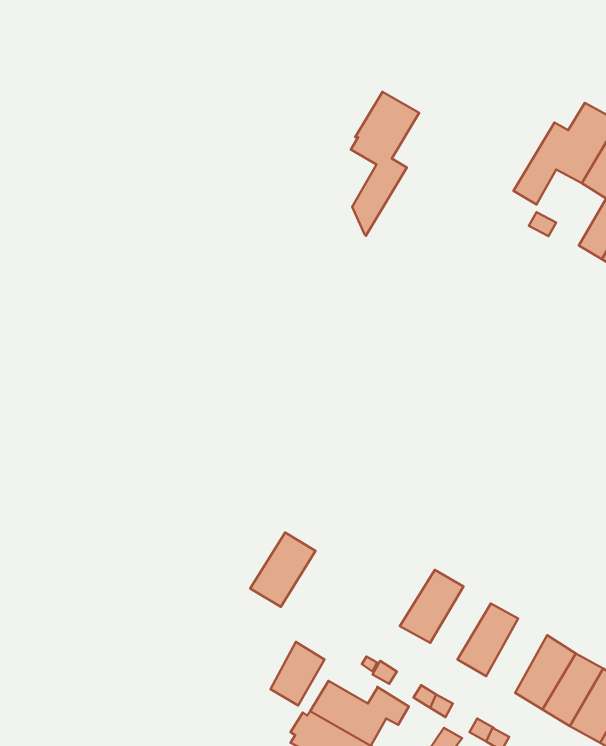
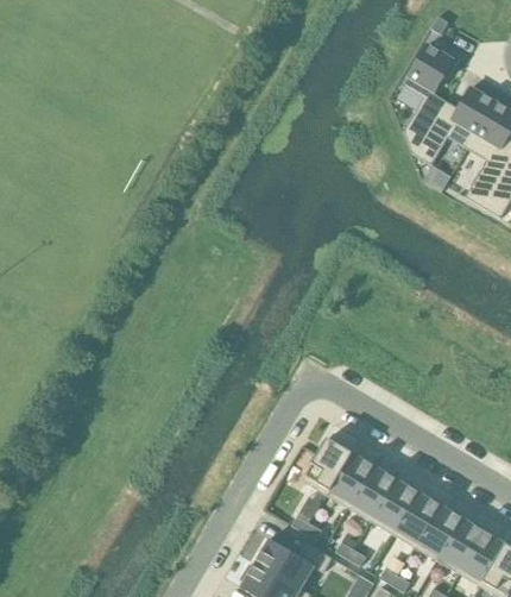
building: [351,92,419,236] -> [403,40,456,153]
building: [250,532,316,607] -> [302,436,353,495]
building: none -> [349,464,397,521]
building: none -> [393,489,441,547]
building: [270,642,325,705] -> none

